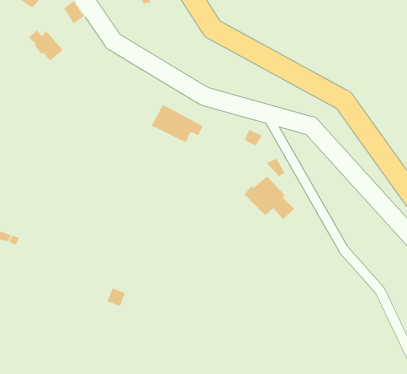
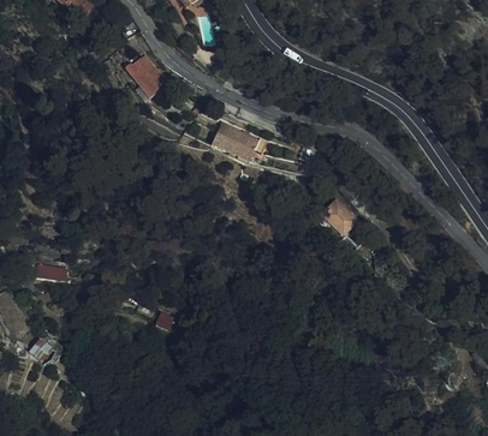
building: [28,29,64,61] -> [130,58,167,91]

